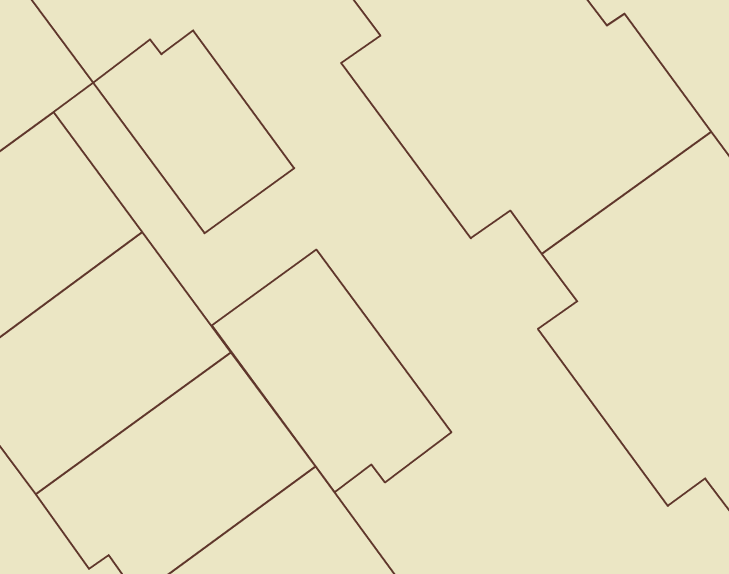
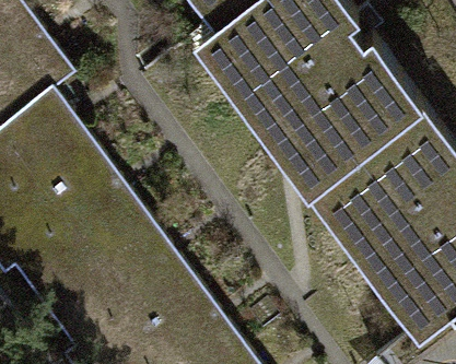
building: [93,30,294,233] -> none
building: [212,250,451,492] -> none

